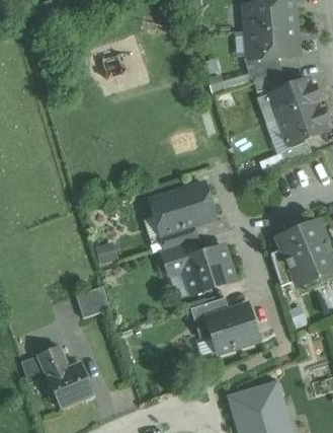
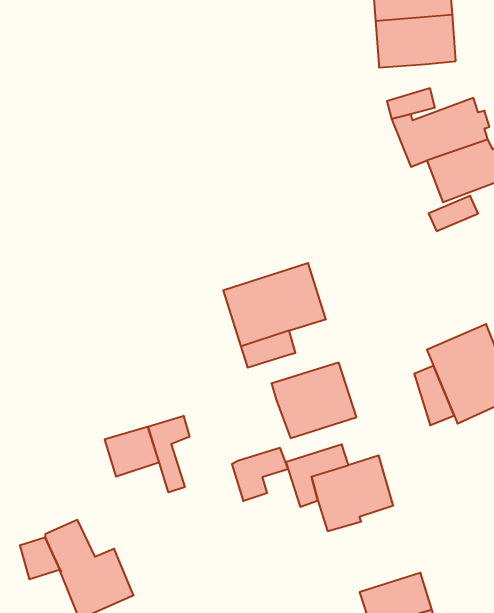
building: [243,58,281,81] -> none
building: [161,241,196,275] -> [232,448,288,501]
building: none -> [148,416,189,492]

